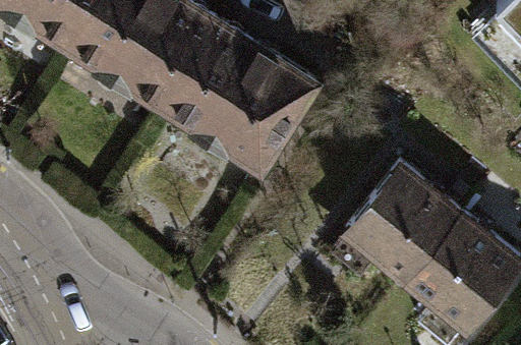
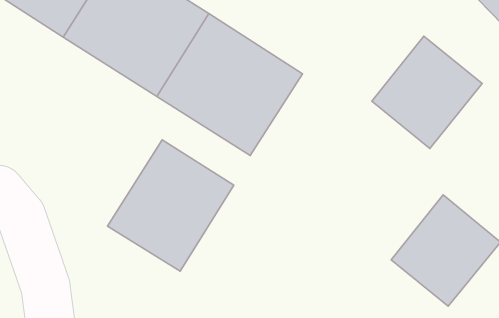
building: none -> [107,140,234,271]
building: [348,162,462,278] -> [372,36,482,148]

